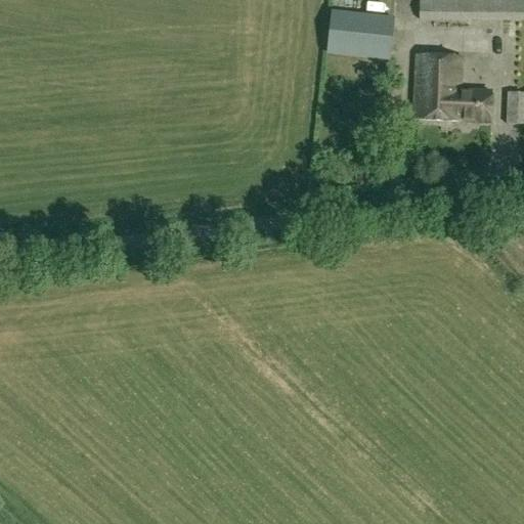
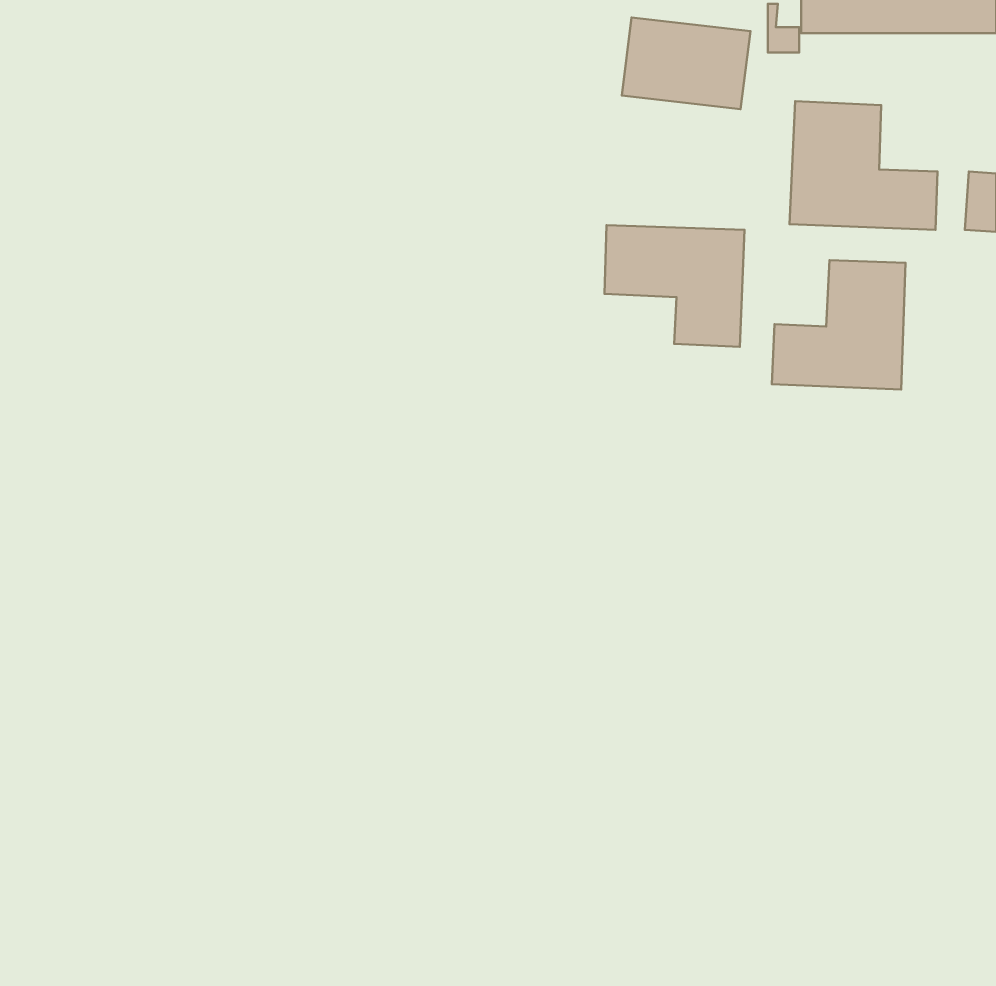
building: none -> [604,225,745,347]
building: none -> [772,260,905,389]

